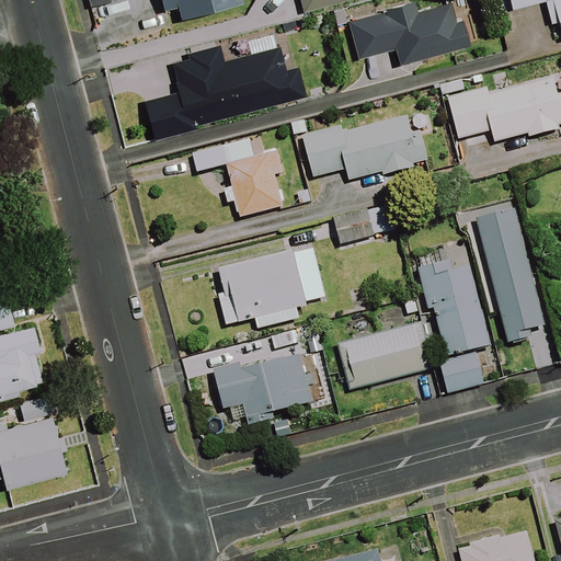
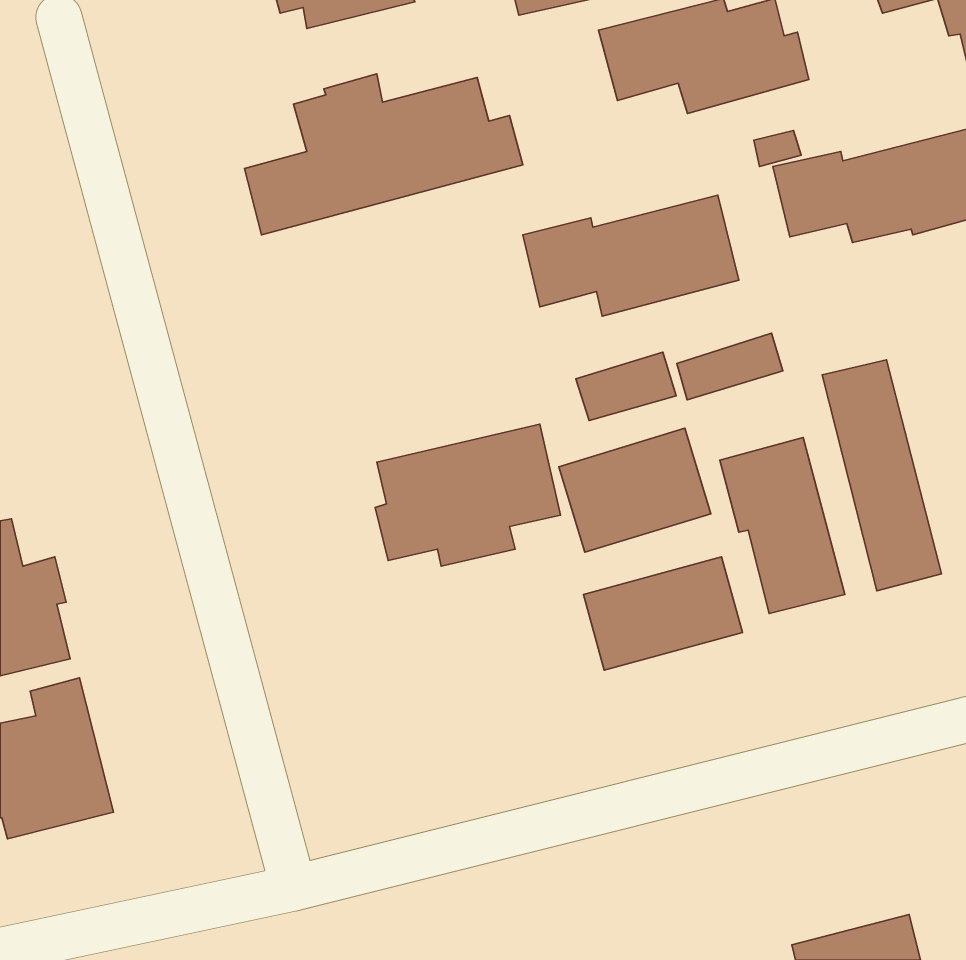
building: [193,137,284,217] -> none
building: none -> [677,333,783,400]
building: none -> [559,428,711,552]
building: [215,353,311,423] -> none
building: [439,355,481,390] -> none

